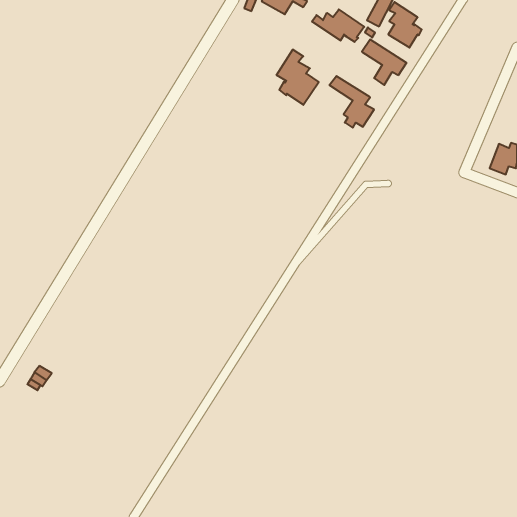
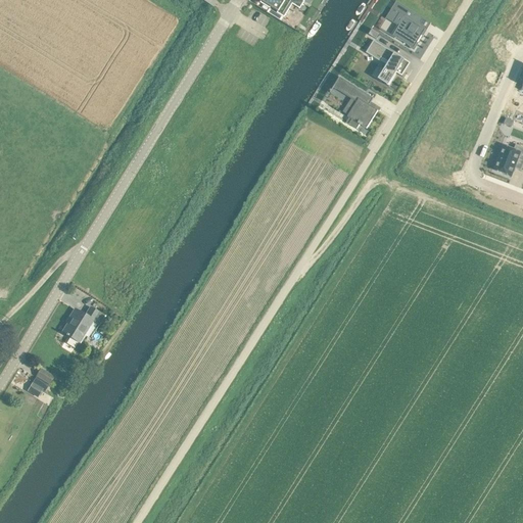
building: [312,9,364,42] -> none
building: [277,49,319,105] -> none
building: none -> [61,307,103,347]

